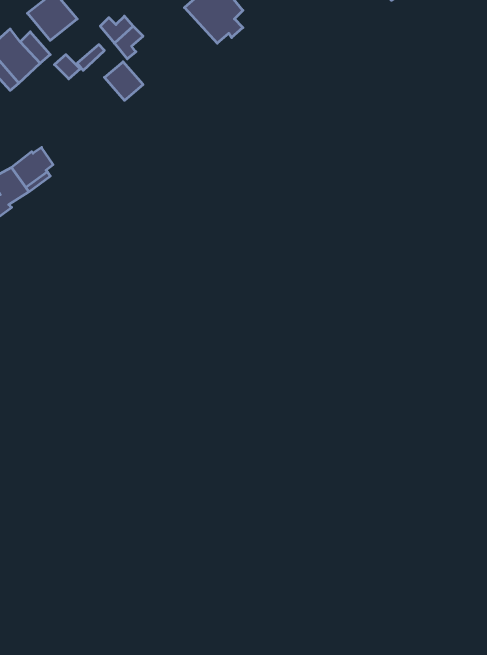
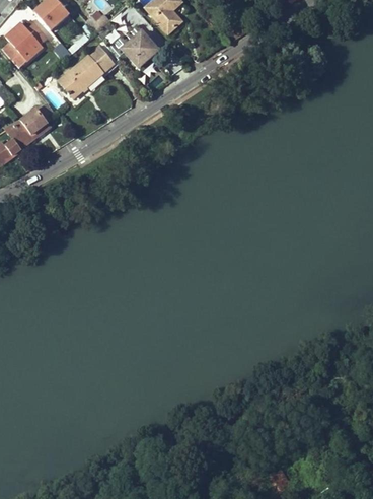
building: none -> [121,28,158,70]
building: none -> [59,57,101,98]

